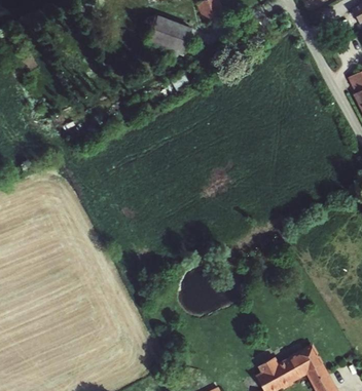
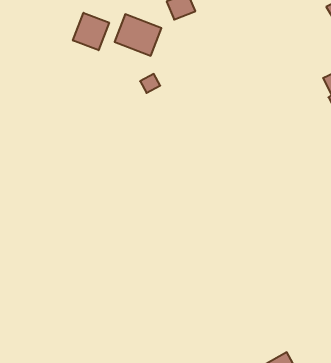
building: none -> [73,13,109,50]

